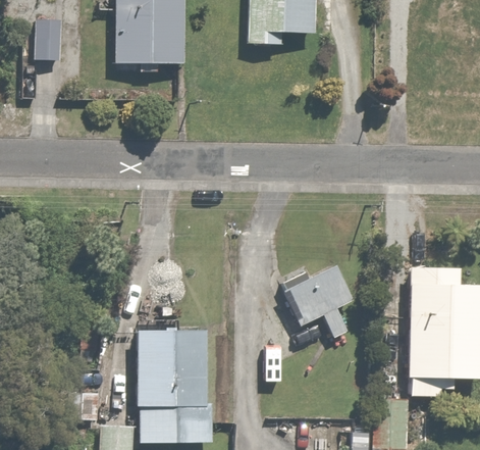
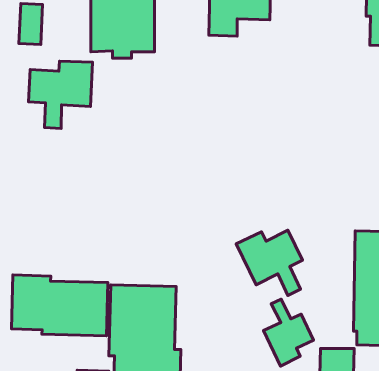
building: none -> [29,61,93,128]
building: none -> [11,275,108,336]
building: none -> [263,299,314,366]

